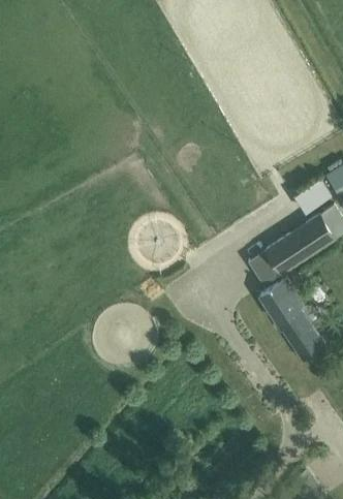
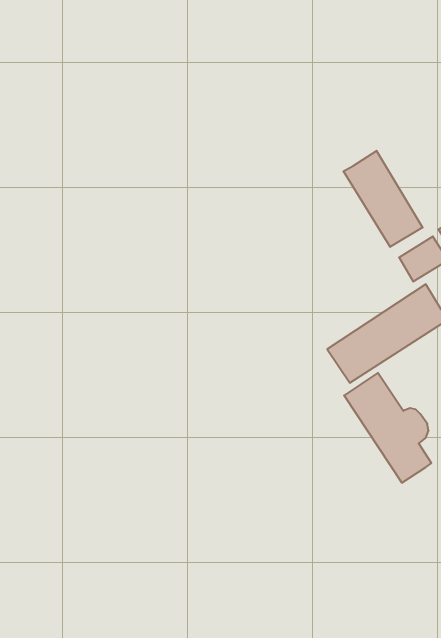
building: none -> [343,151,423,247]

